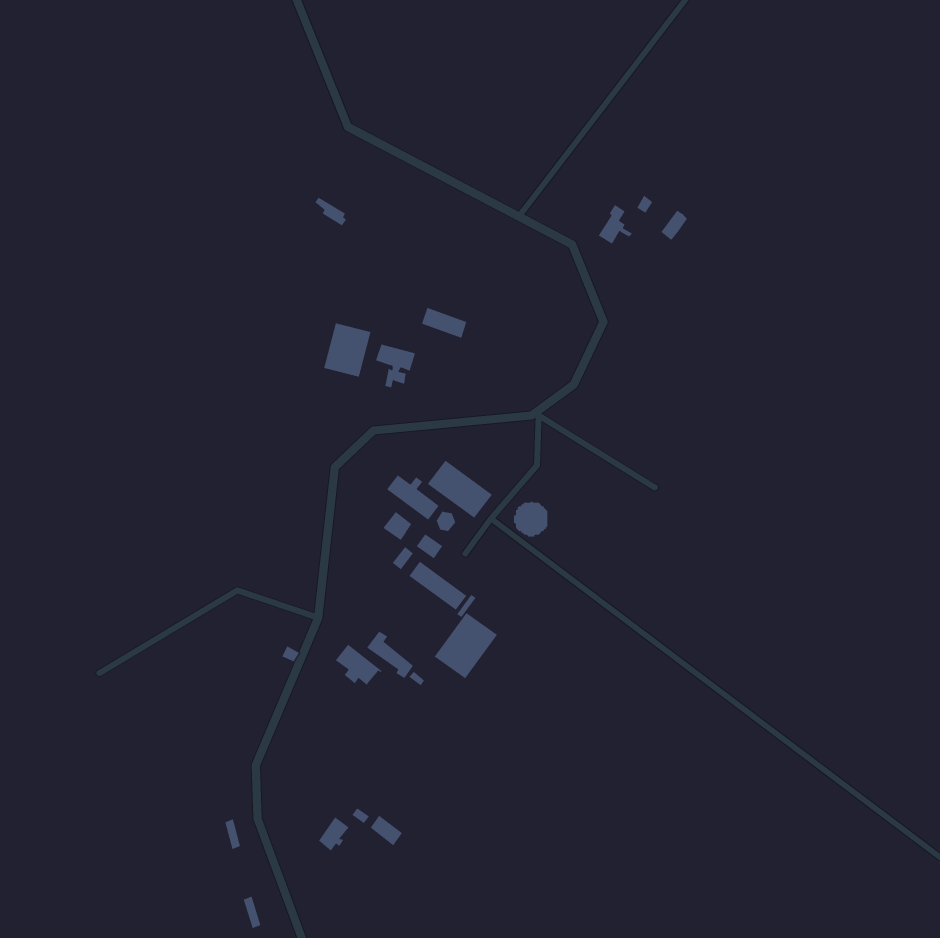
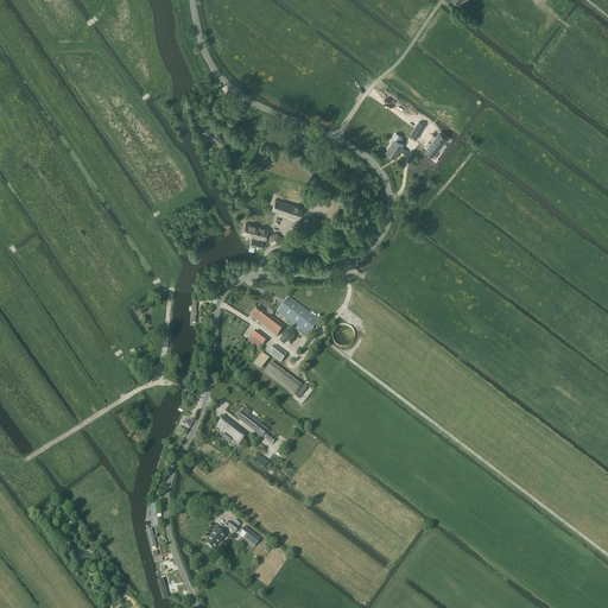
building: [323,323,371,377] -> none
building: [434,612,498,679] -> none

